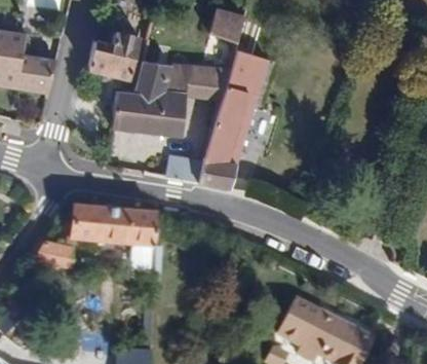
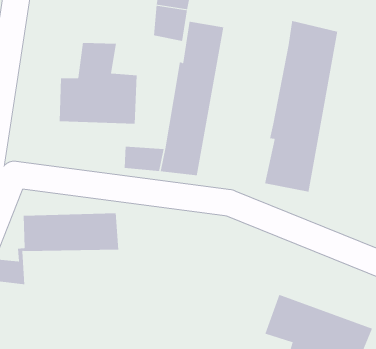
building: [88,30,140,78] -> none
building: none -> [265,20,338,192]
building: [164,64,228,98] -> none

